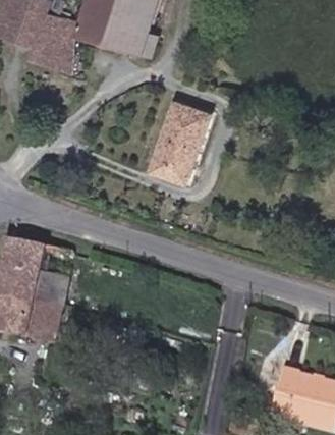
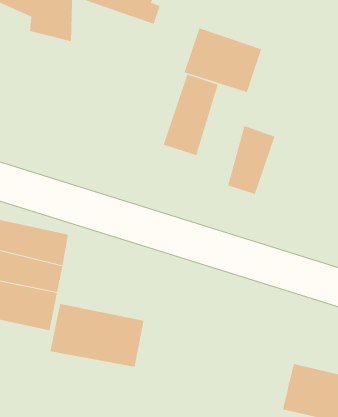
building: none -> [184,28,262,93]
building: none -> [228,125,275,195]
building: none -> [50,303,144,367]

